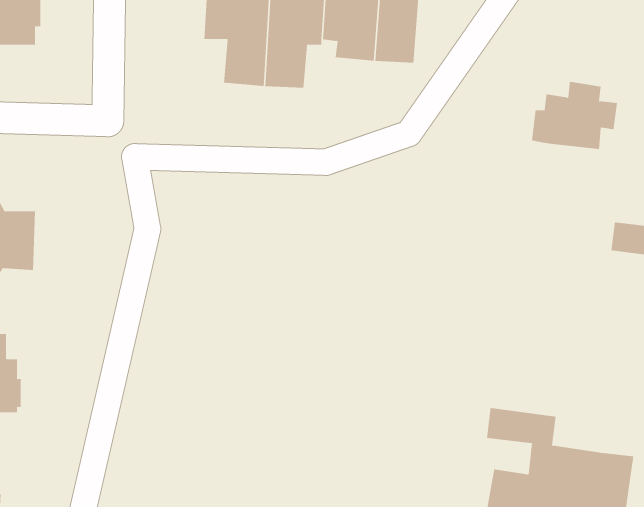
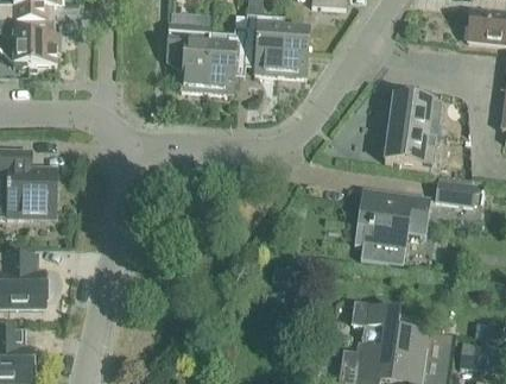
building: none -> [379,126,435,165]
building: none -> [358,188,430,265]

